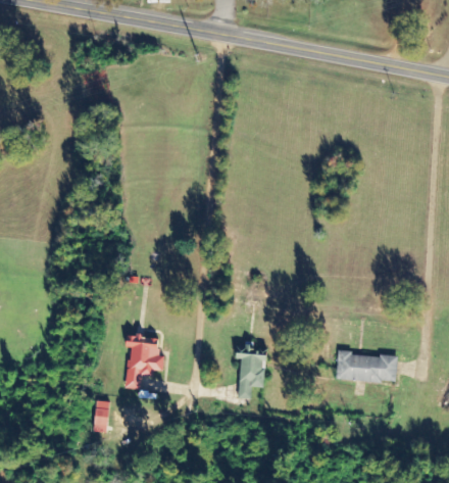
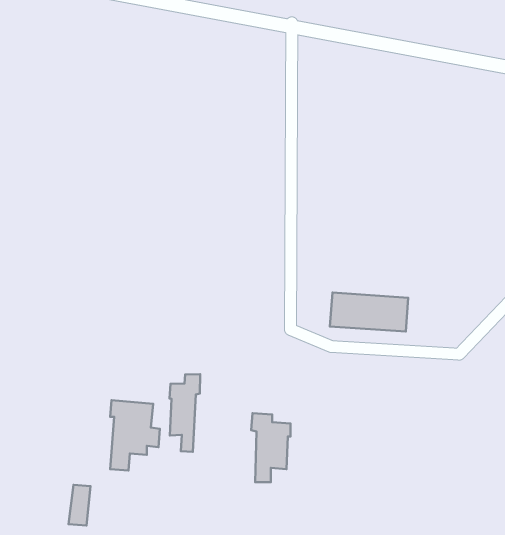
building: none -> [169,374,200,452]
building: [336,351,397,382] -> [330,292,408,332]

